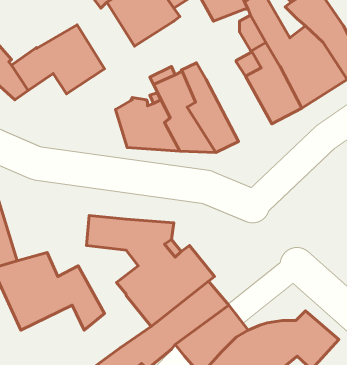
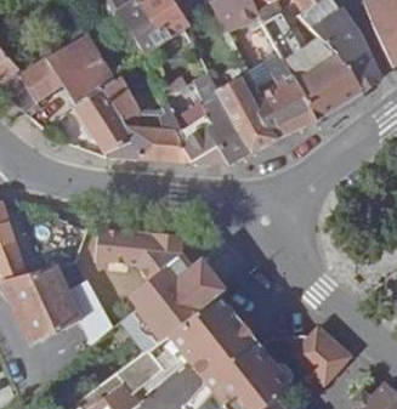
building: none -> [75,75,141,159]
building: none -> [217,78,284,153]

